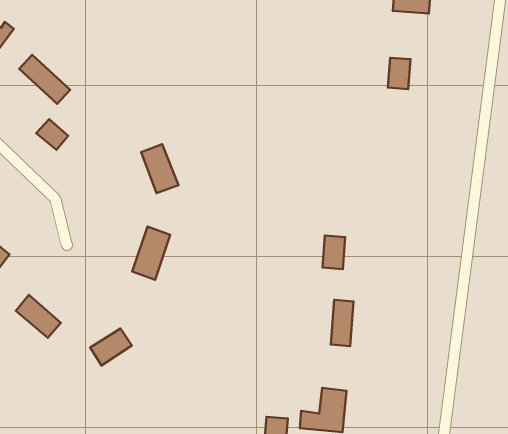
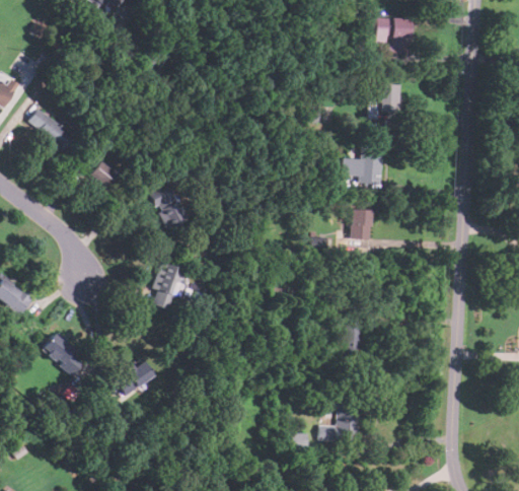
building: none -> [346,142,384,188]
building: [36,119,68,150] -> [88,160,119,189]
building: [322,236,345,269] -> [352,209,371,239]

